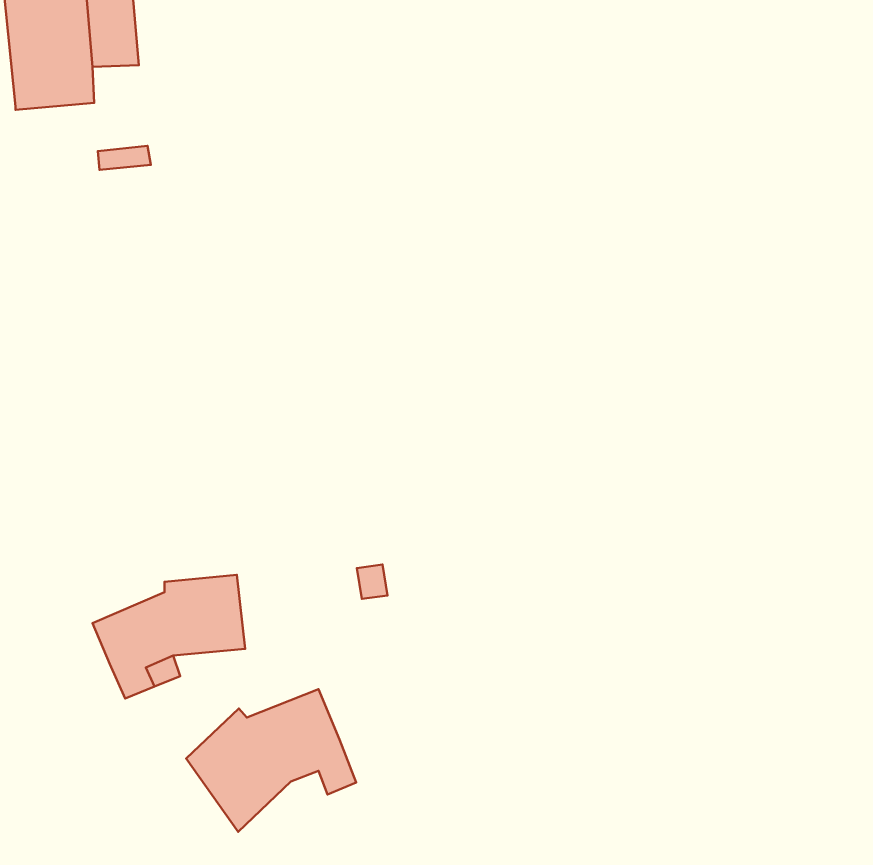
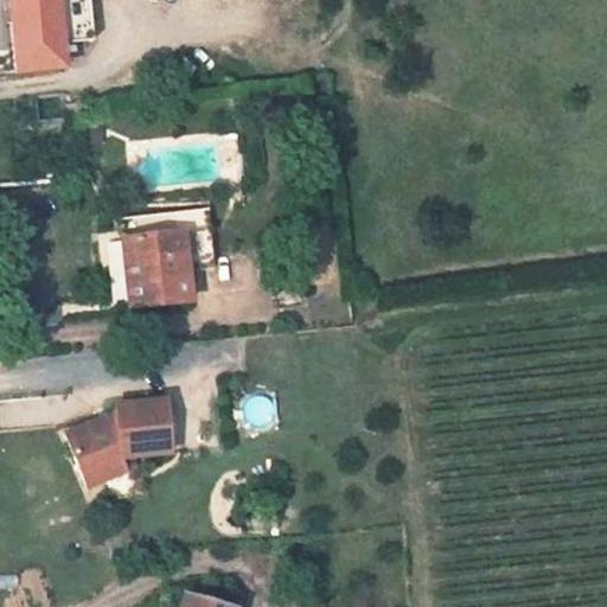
building: none -> [124,207,218,306]
building: [186,689,356,832] -> none

